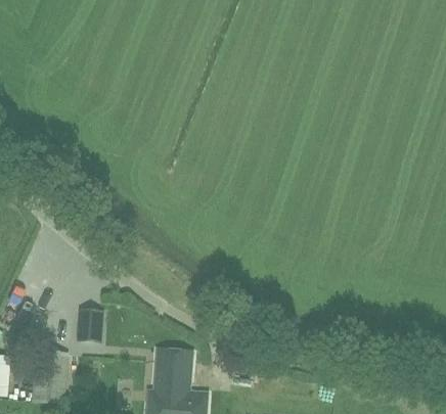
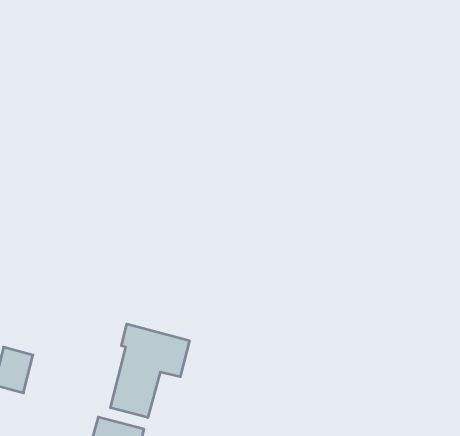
building: none -> [110,324,189,418]

